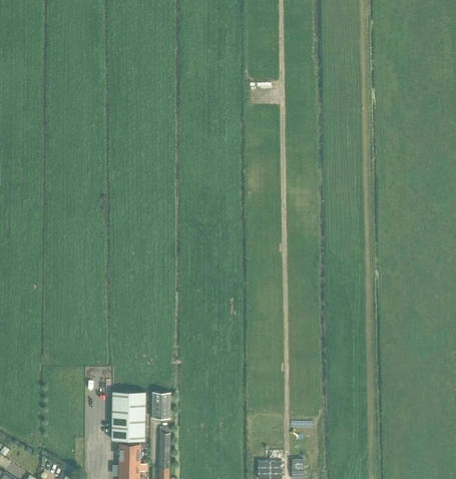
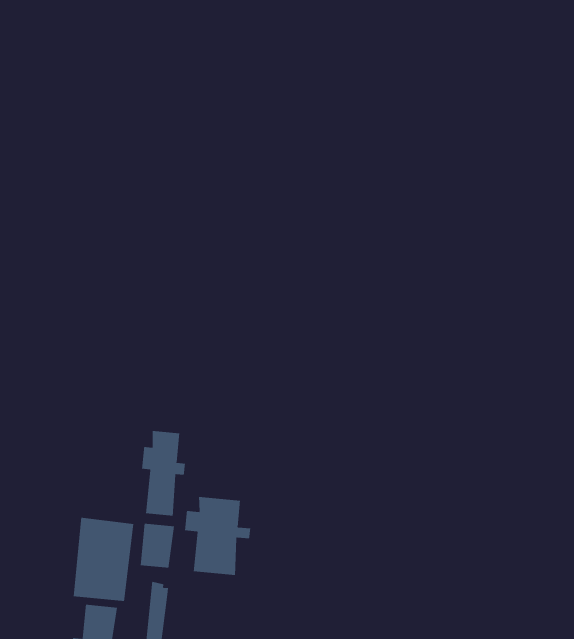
building: none -> [142,430,185,517]
building: none -> [184,496,251,576]

